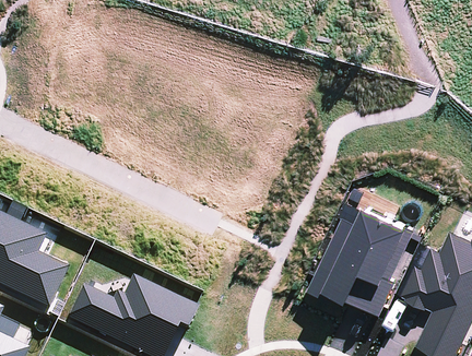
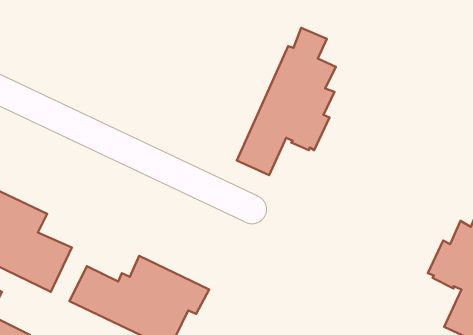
building: none -> [237,28,336,175]
building: [310,200,413,310] -> none

